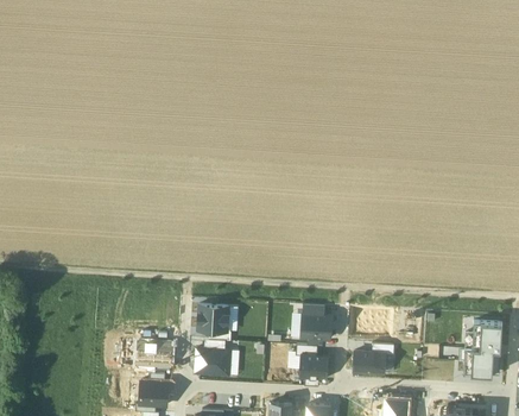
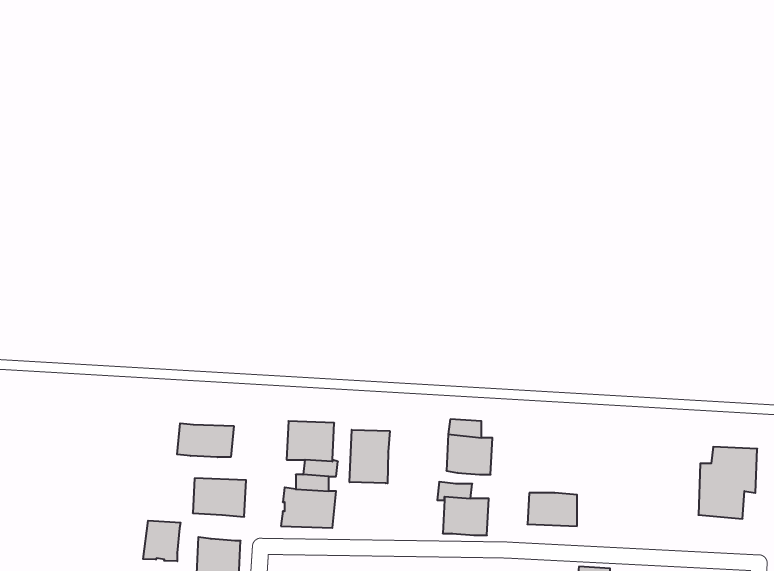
building: none -> [177,423,234,457]
building: none -> [350,430,390,483]
building: none -> [143,521,181,561]

